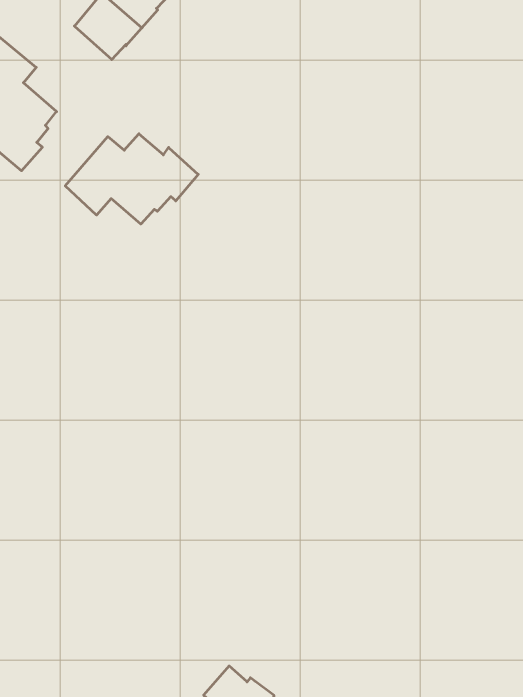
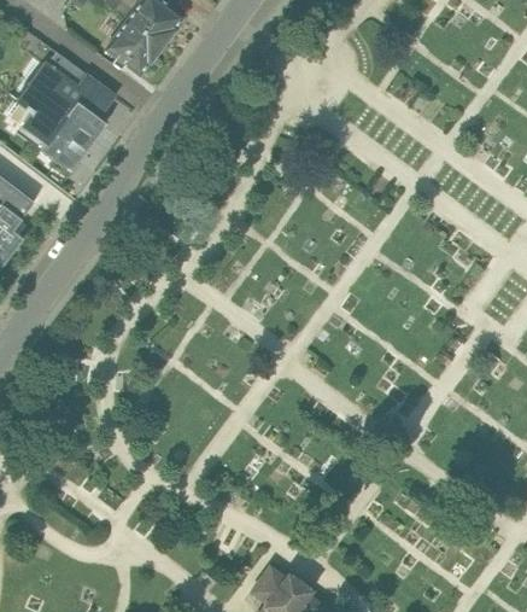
building: none -> [69,74,117,121]
building: [65,134,198,224] -> none

